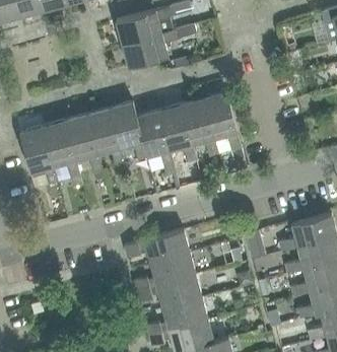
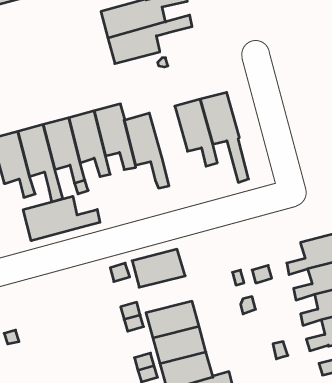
building: [158,104,198,170] -> none
building: none -> [23,196,100,241]
building: [149,254,196,286] -> none

